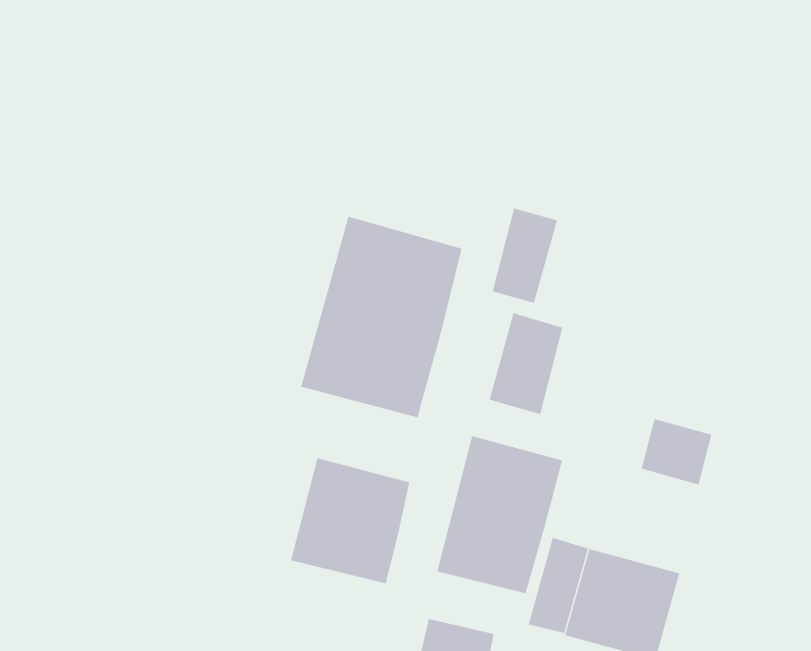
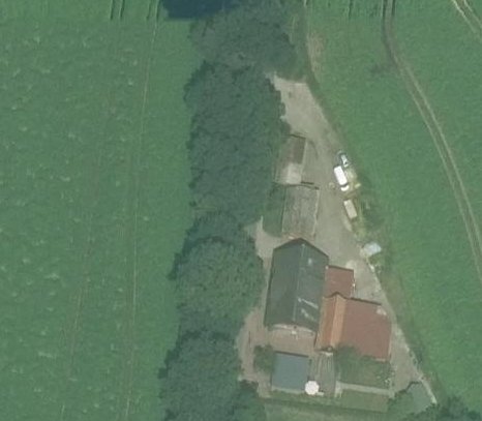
building: [301,216,462,418] -> none
building: [641,419,712,485] -> [321,266,355,297]
building: [290,458,410,584] -> none

